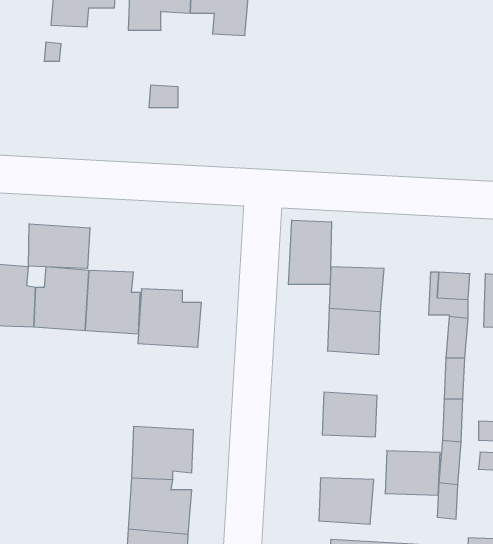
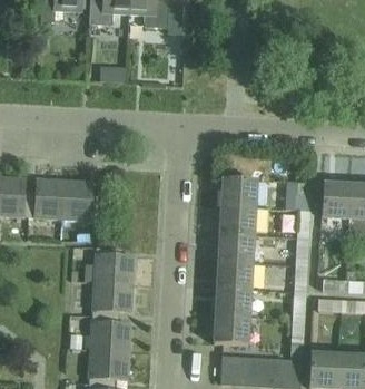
building: [289,220,331,285] -> none
building: [29,224,90,268] -> none
building: [138,289,201,347] -> [93,246,135,284]
building: none -> [217,233,253,262]
building: [385,451,440,495] -> [215,288,250,317]

